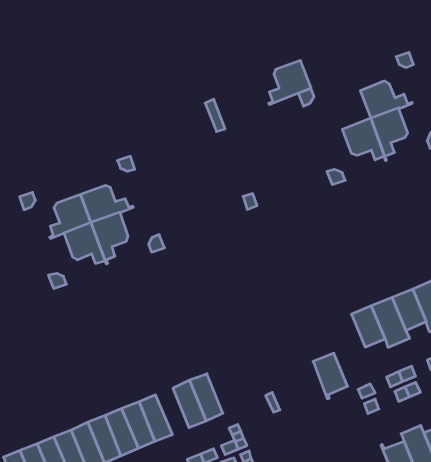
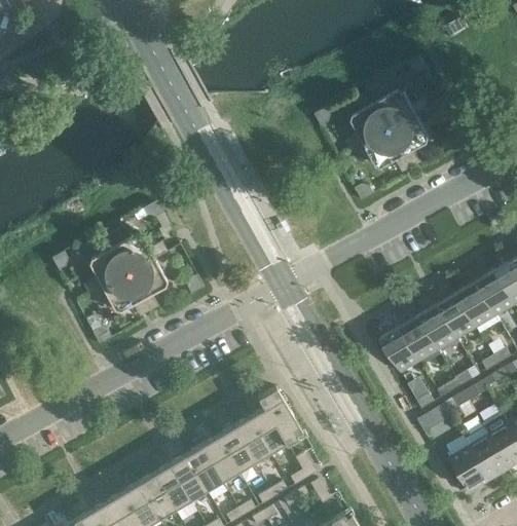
building: [269,61,311,105] -> [349,103,391,151]
building: [313,353,348,399] -> [380,327,418,373]
building: none -> [257,387,301,444]
building: none -> [216,426,254,473]

